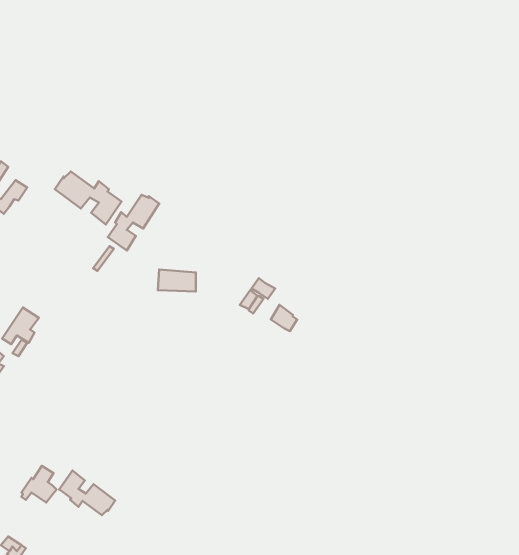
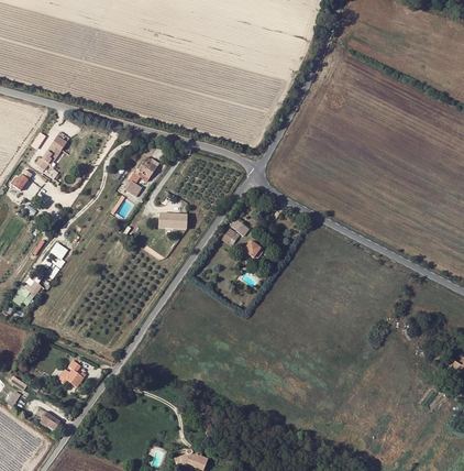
building: [55,172,122,225] -> none
building: [59,471,115,515] -> none

